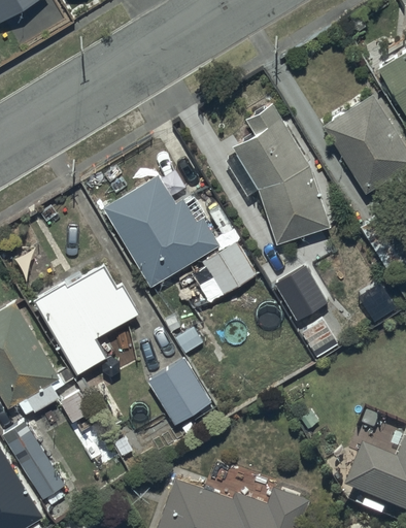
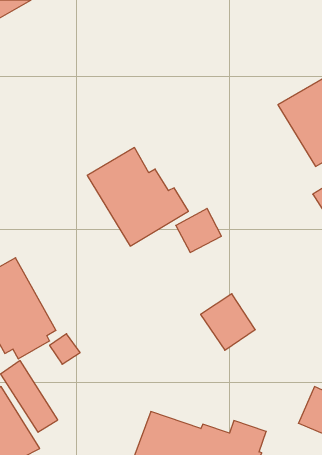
building: [234,101,329,242] -> none
building: [32,265,136,374] -> none
building: [276,268,334,327] -> none
building: [147,357,210,422] -> [201,294,255,350]

